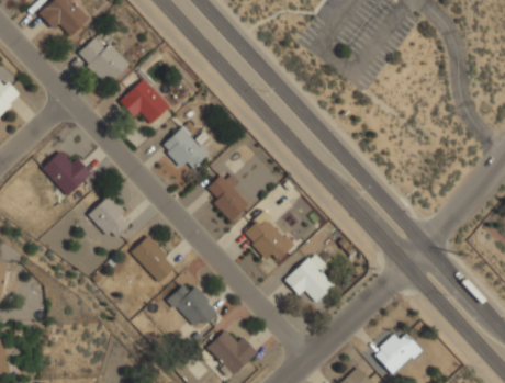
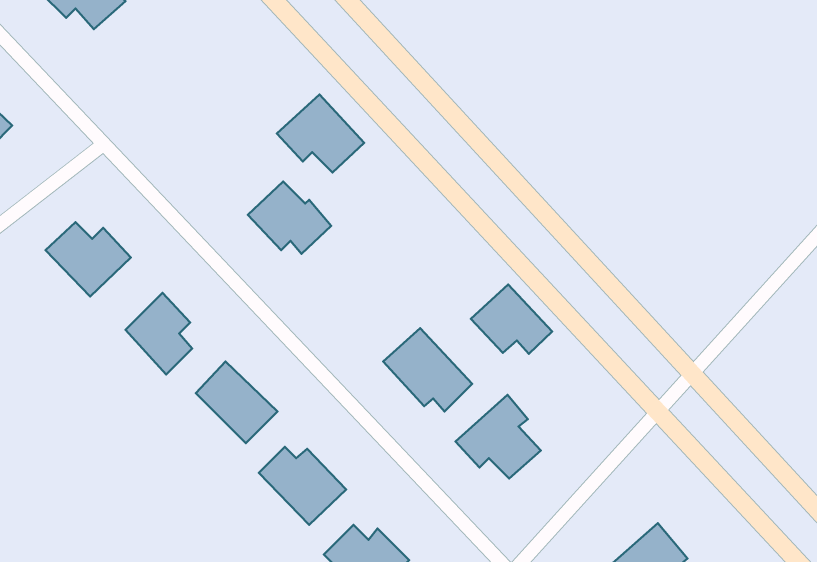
building: [77,38,128,86] -> none
building: [117,79,169,125] -> [277,95,364,173]
building: [207,171,248,223] -> none
building: none -> [471,284,552,354]

